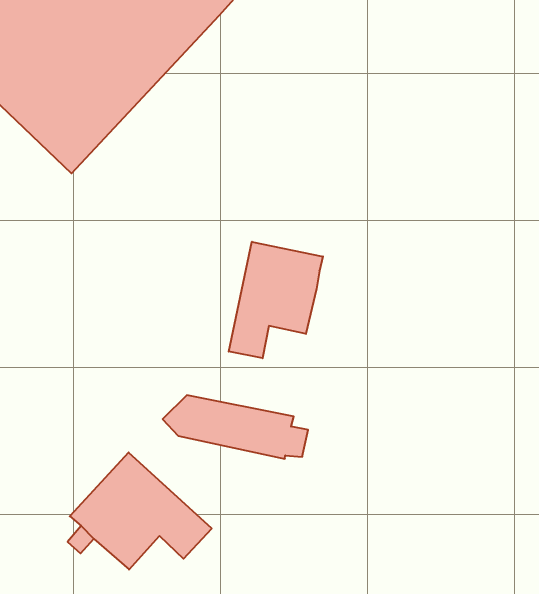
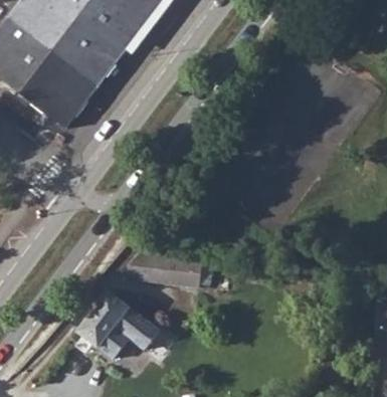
building: [229,242,323,358] -> none

